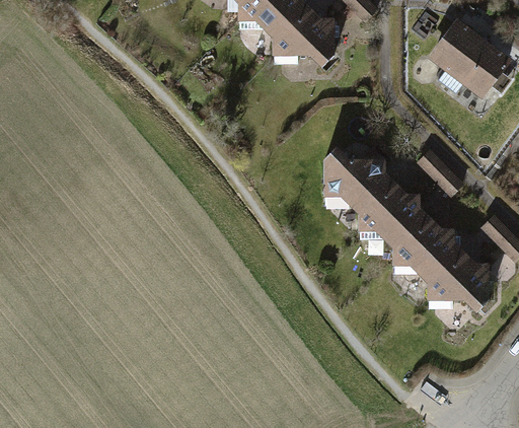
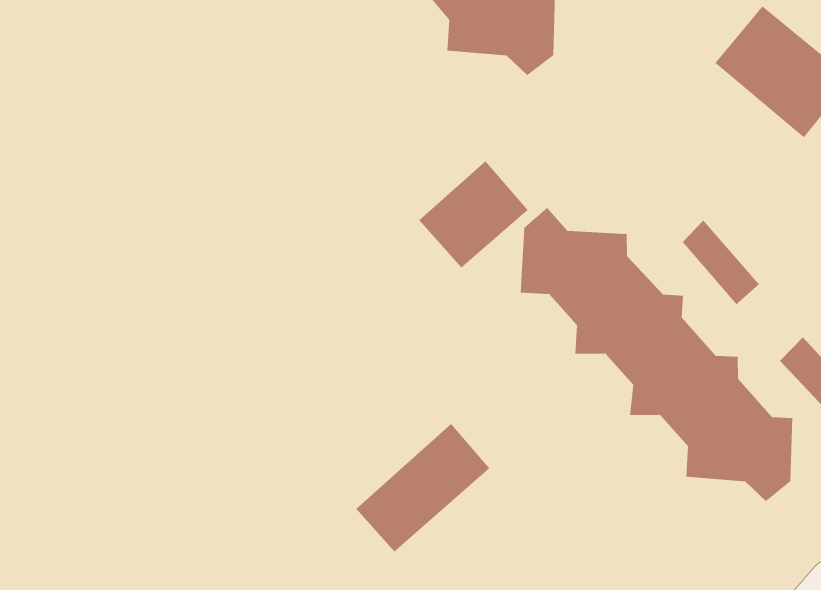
building: none -> [419,161,529,269]
building: none -> [355,423,490,553]

